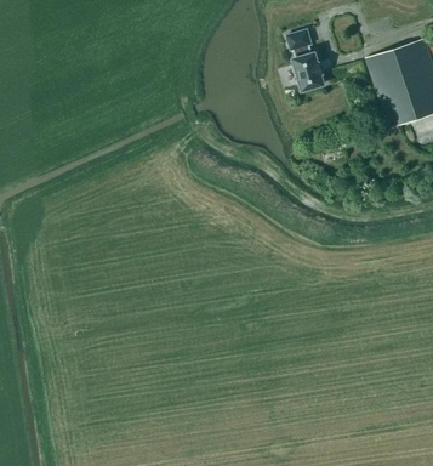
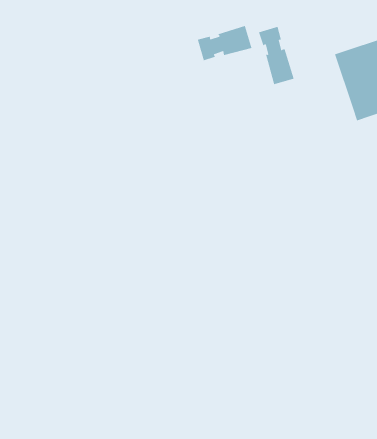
building: none -> [197,25,252,61]

